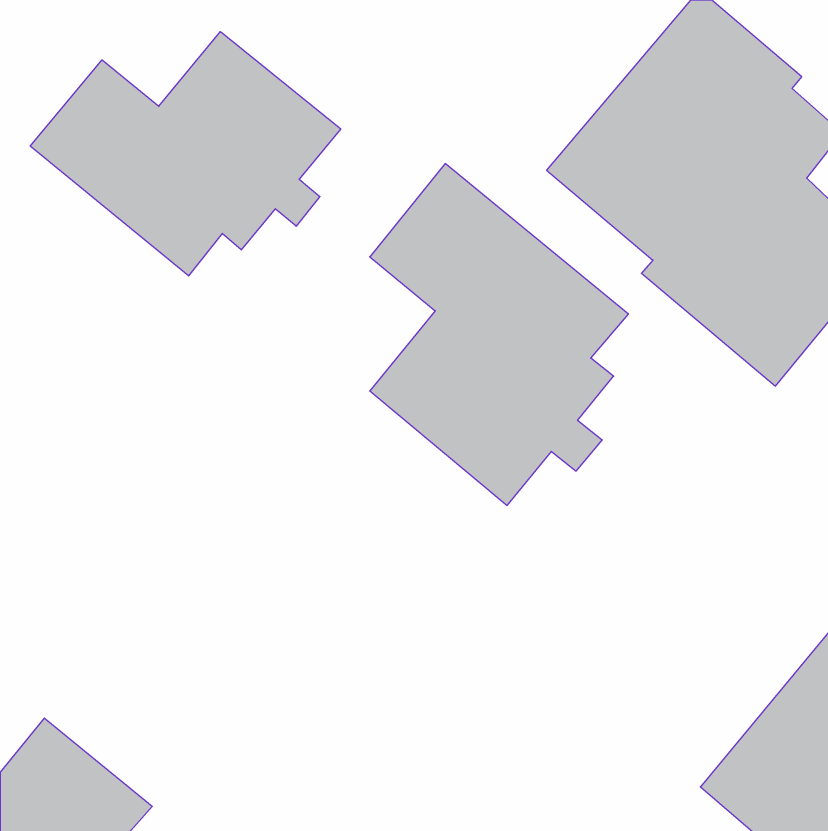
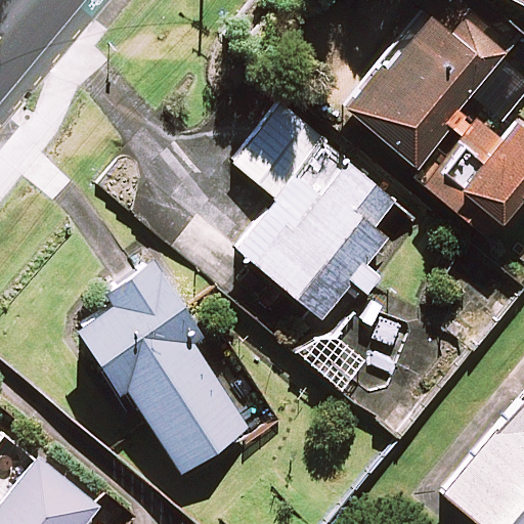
building: [30,32,341,276] -> none
building: none -> [74,258,287,473]

